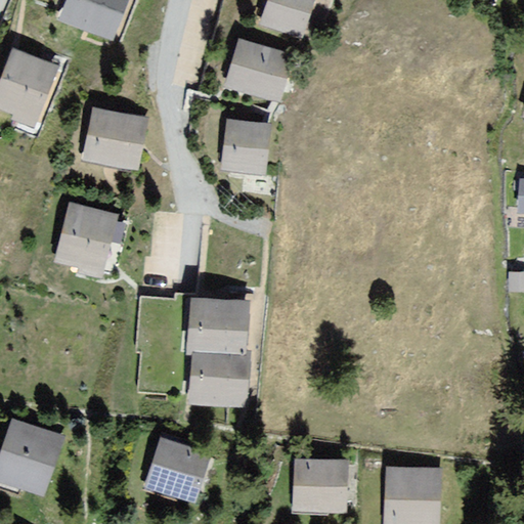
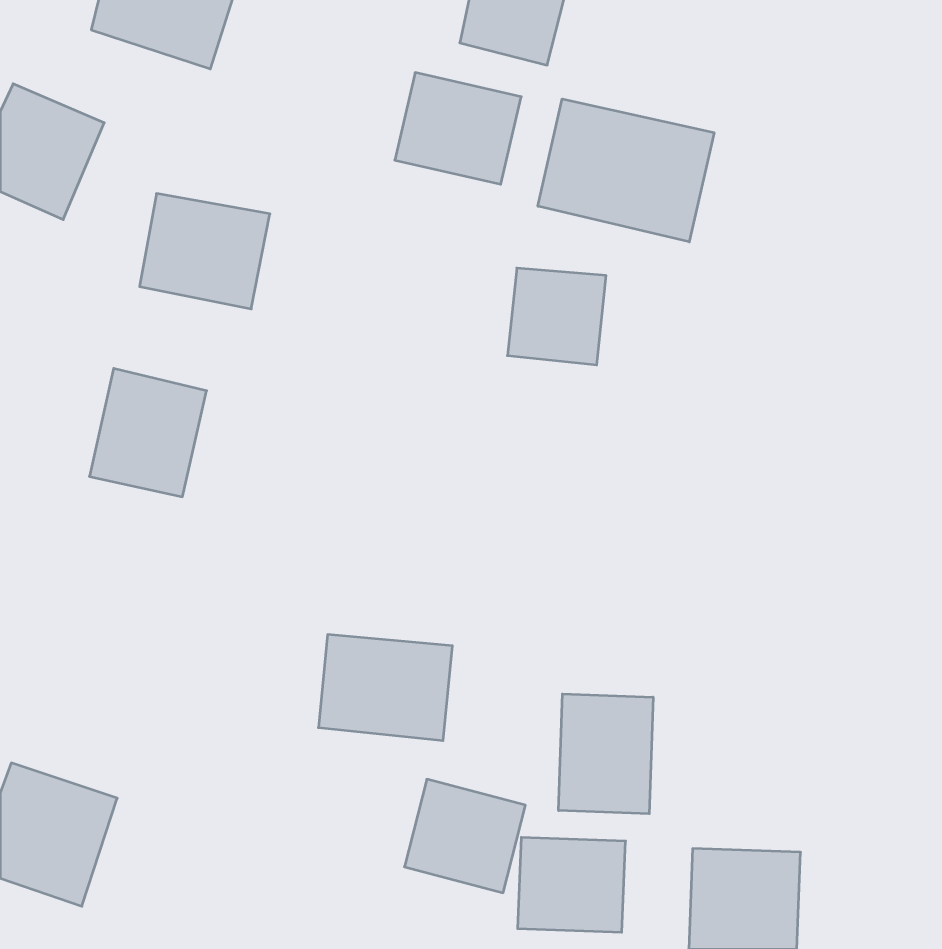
building: none -> [538,99,714,242]
building: [215,120,269,173] -> [507,268,606,365]
building: [177,295,251,352] -> none
building: none -> [559,694,653,814]
building: [145,439,212,501] -> [404,779,525,893]

